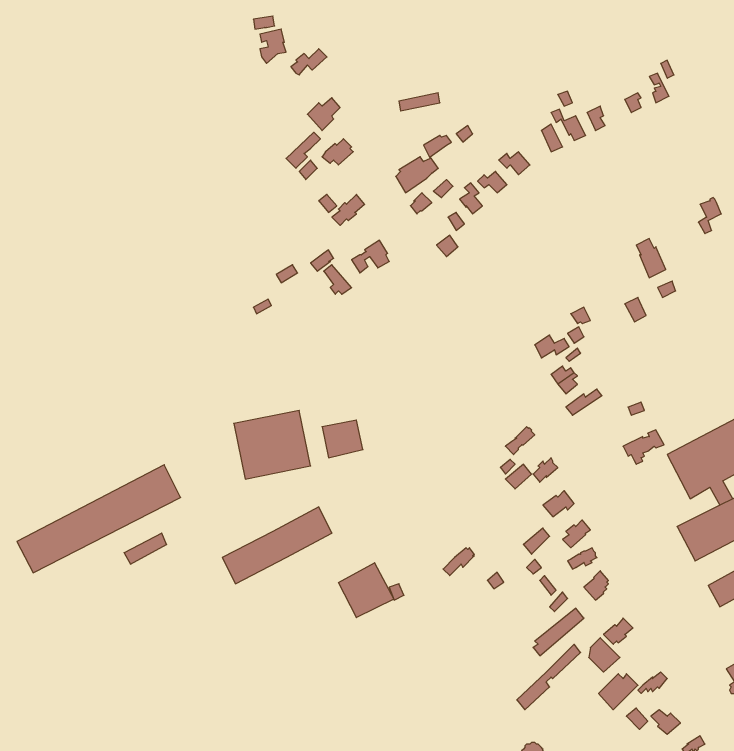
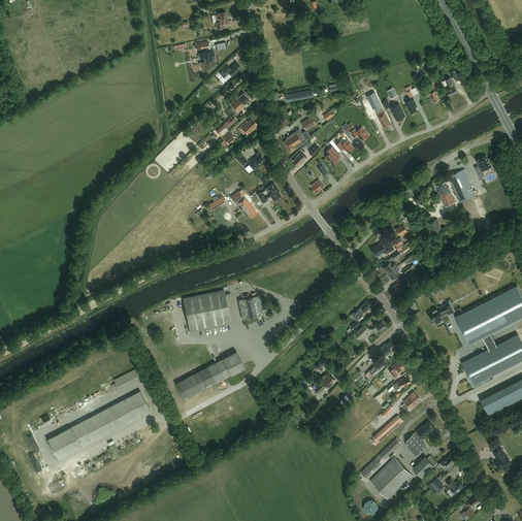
building: none -> [448,169,476,203]
building: [17,465,181,573] -> [47,391,151,459]
building: [339,563,394,618] -> none
building: none -> [370,457,414,500]

